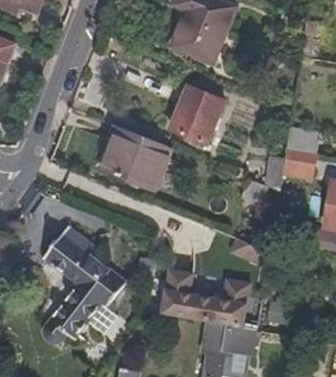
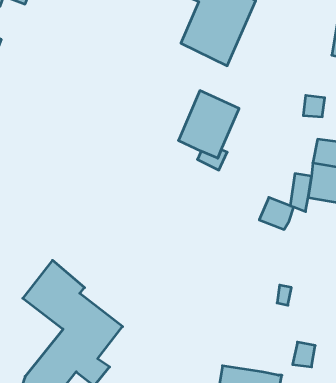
building: [100,127,172,190] -> none
building: [161,271,249,328] -> none

